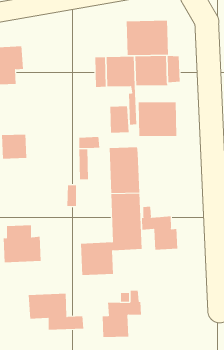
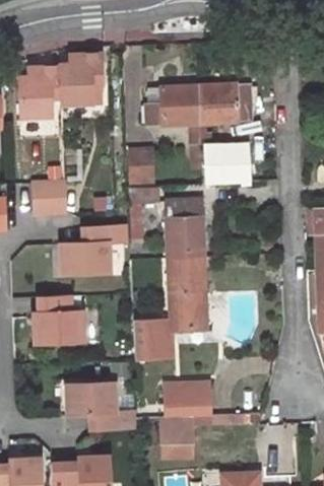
building: [126,20,169,56] -> none
building: none -> [58,58,101,108]
building: [109,106,129,133] -> [127,145,152,180]
building: none -> [59,225,128,274]
building: [142,206,178,250] -> none

